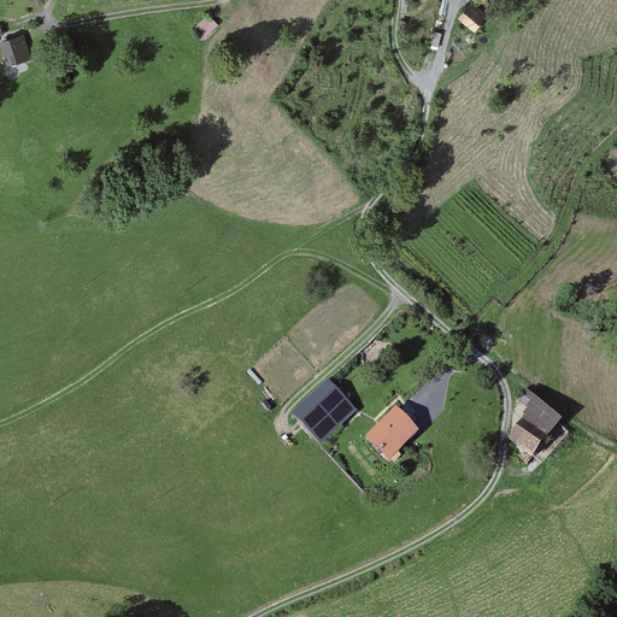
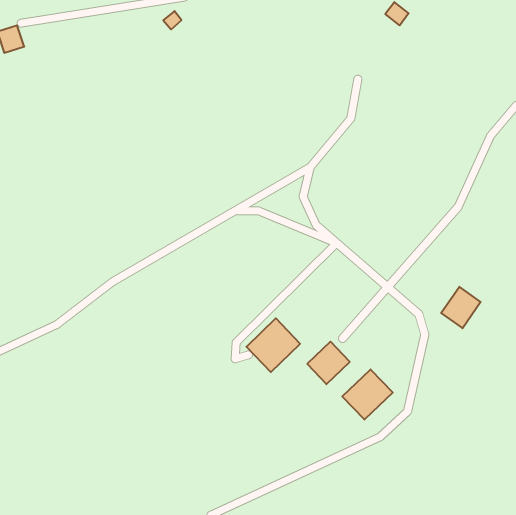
building: [511,407,558,457] -> [441,287,481,328]
building: none -> [342,369,393,420]

